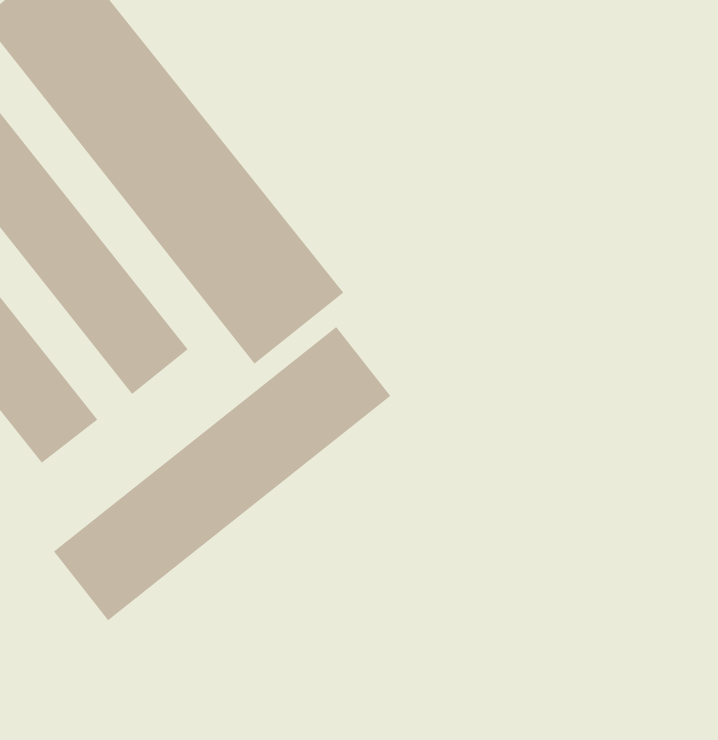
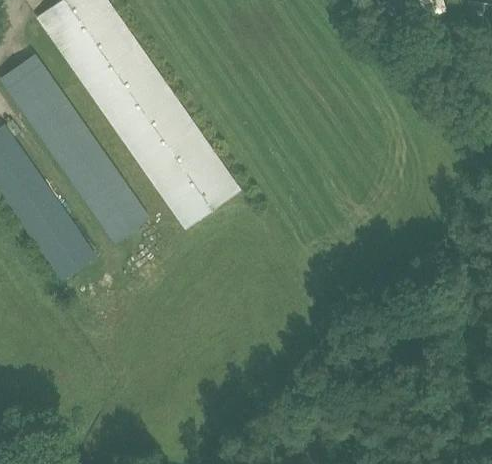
building: [53,326,391,621] -> none

